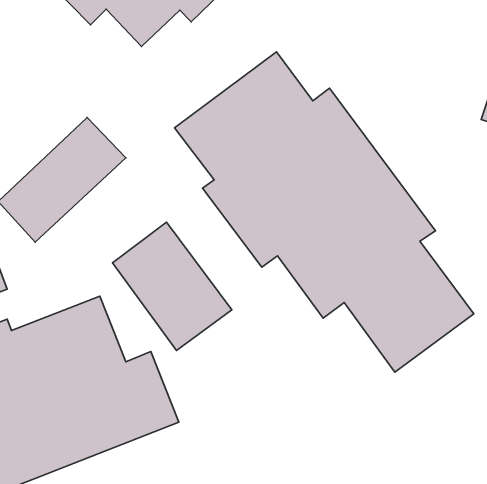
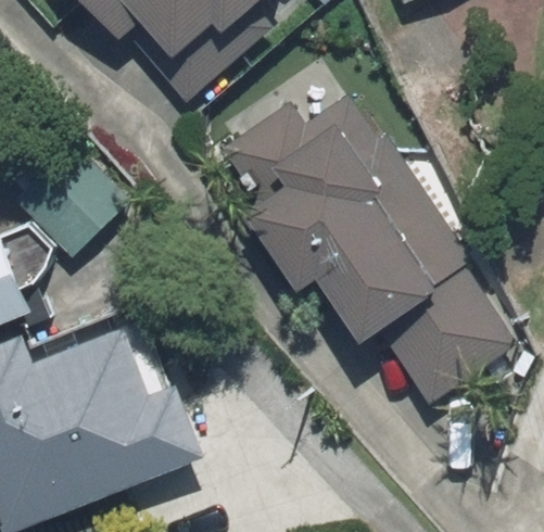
building: [112,222,232,350] -> none

